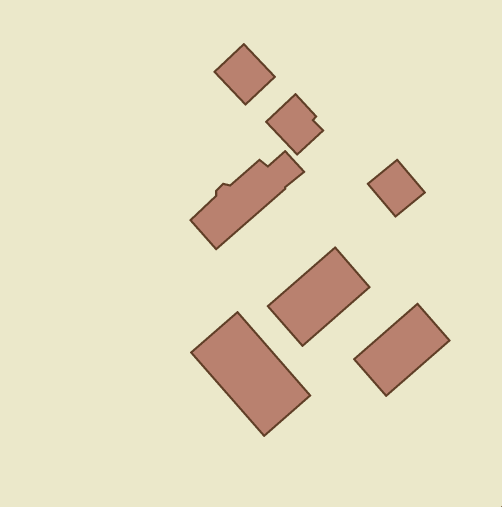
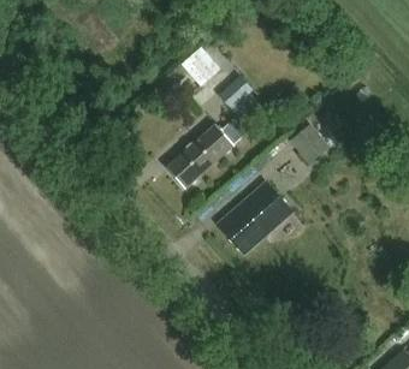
building: [354,304,450,396] -> none
building: [191,312,310,436] -> none

